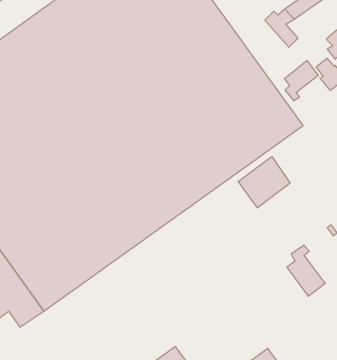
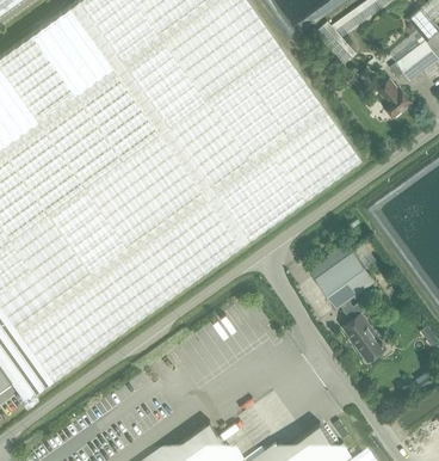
building: [284,60,318,101] -> none
building: [238,157,290,208] -> [314,248,376,309]

